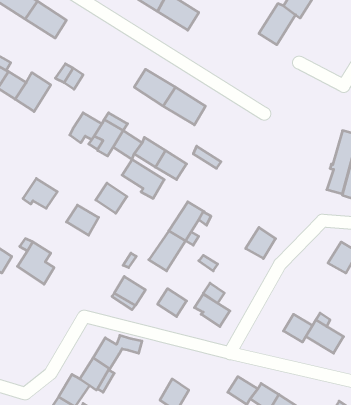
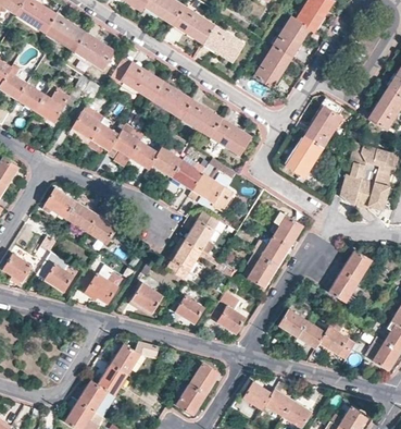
building: none -> [203,26,242,61]
building: none -> [74,34,114,70]
building: none -> [254,47,290,87]
building: none -> [113,58,162,99]
building: none -> [287,99,346,176]
building: none -> [70,106,105,146]
building: none -> [210,118,250,155]
building: [122,159,164,198] -> [192,174,234,212]
building: [96,183,127,213] -> [65,201,96,231]
building: none -> [273,212,302,247]
building: none -> [246,253,277,289]
building: none -> [87,265,123,304]
building: none -> [328,271,358,302]
building: none -> [277,309,306,338]
building: none -> [188,364,218,395]

